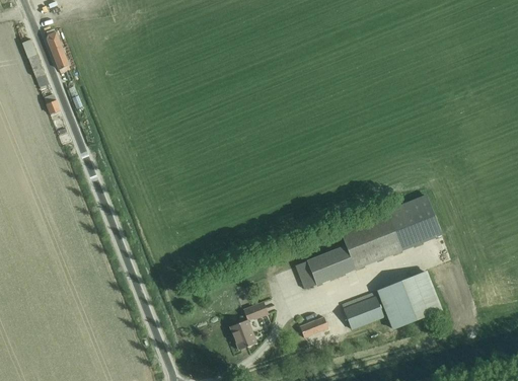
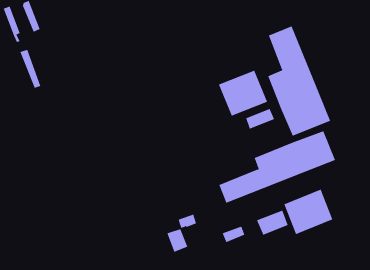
building: none -> [268,25,331,136]
building: none -> [218,70,268,117]
building: none -> [245,108,275,130]

